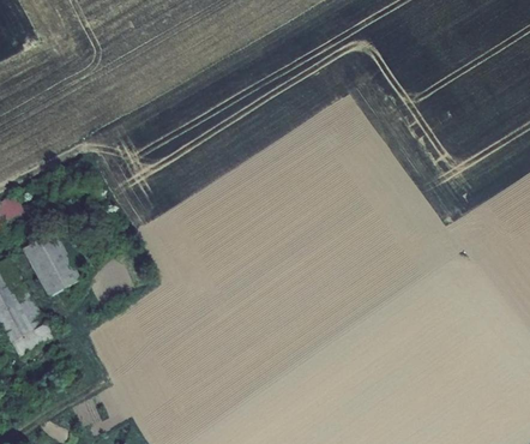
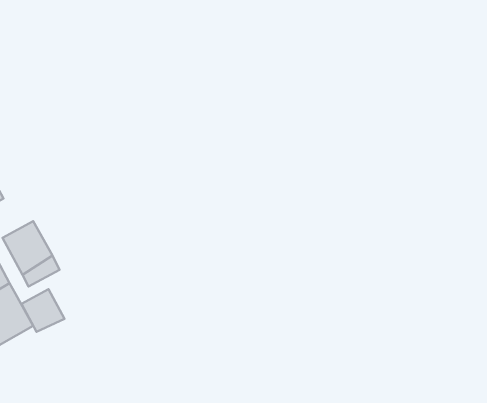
building: none -> [22,289,64,332]

